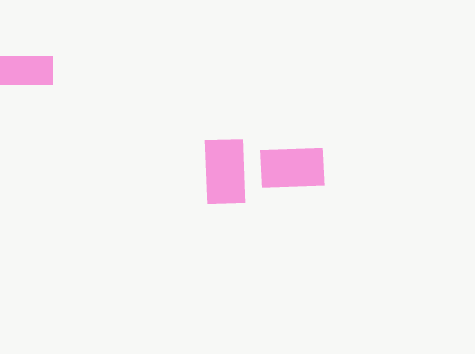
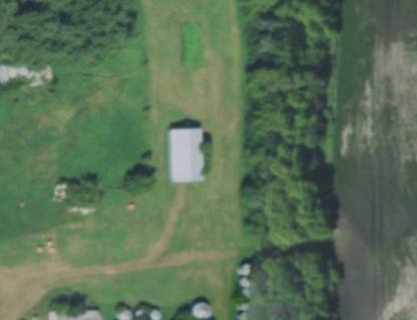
building: [260,147,325,189] -> none

